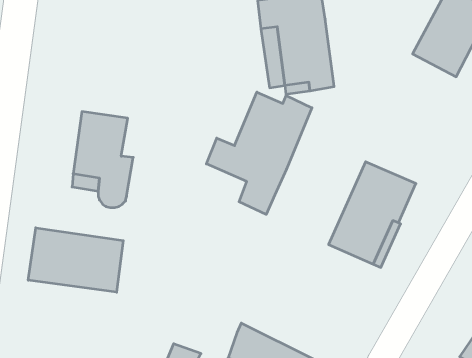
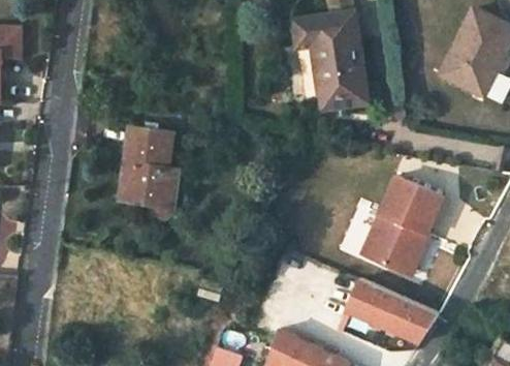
building: [206,92,312,214] -> none
building: [28,228,123,292] -> none
building: none -> [346,278,440,342]

